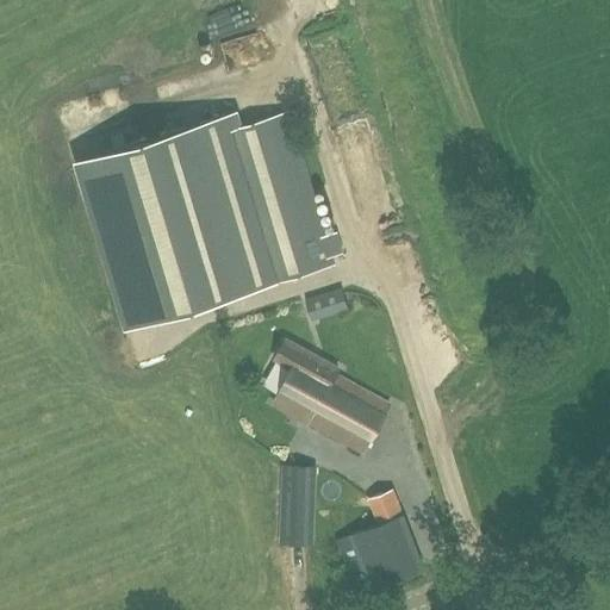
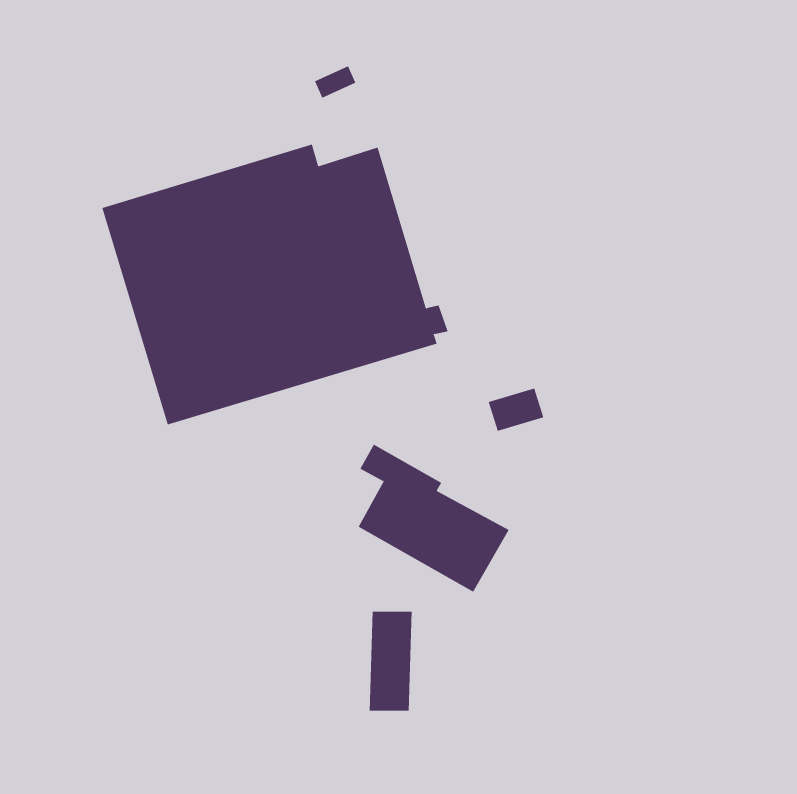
building: [305,291,348,324] -> [488,388,544,431]
building: [337,492,422,596] -> none

